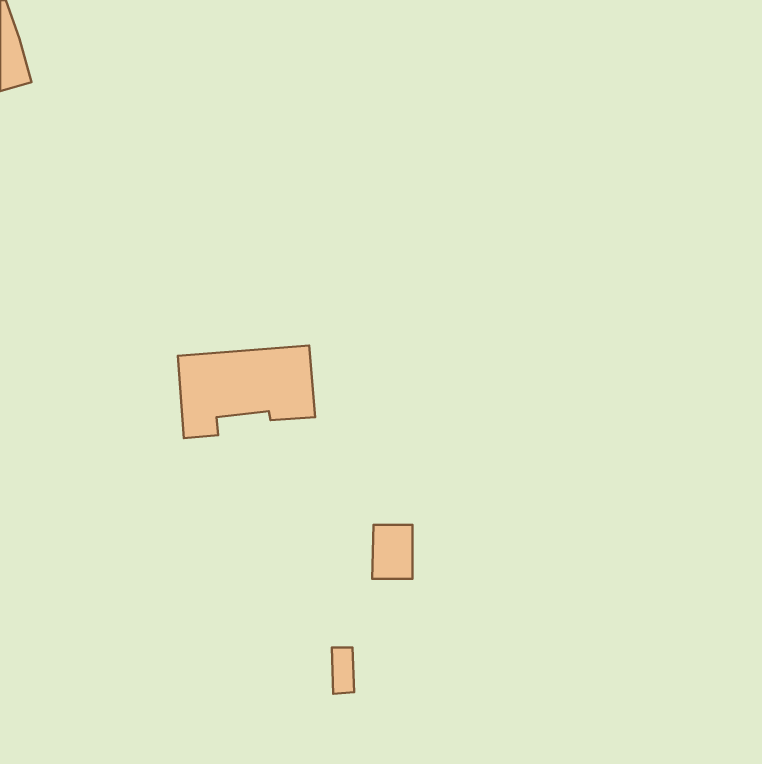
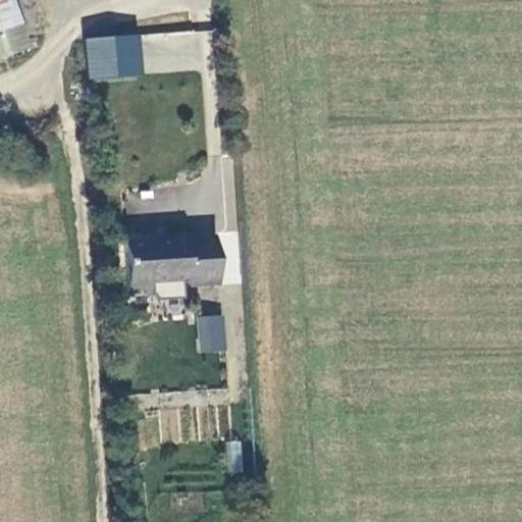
building: none -> [86,33,145,81]
building: [372,525,412,579] -> [198,315,225,352]

